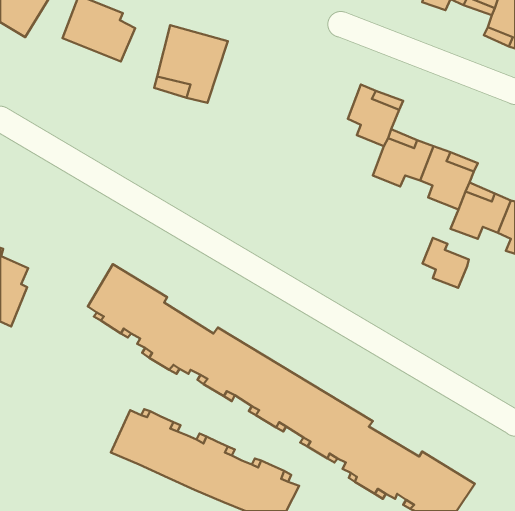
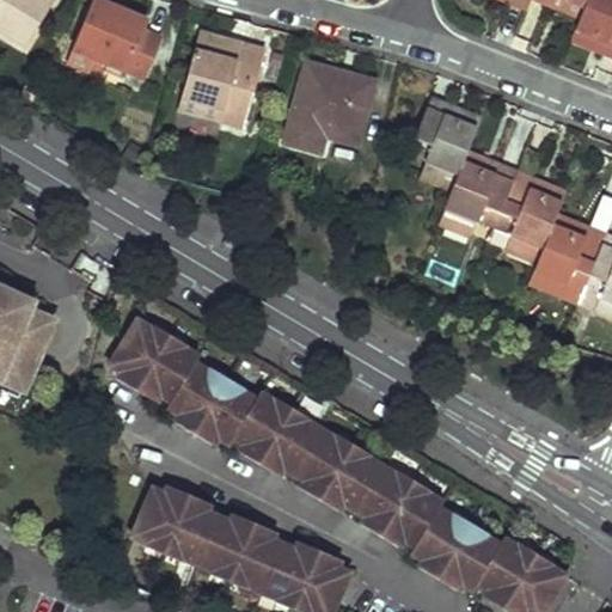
building: none -> [287,62,378,153]
building: [422,238,469,288] -> none

